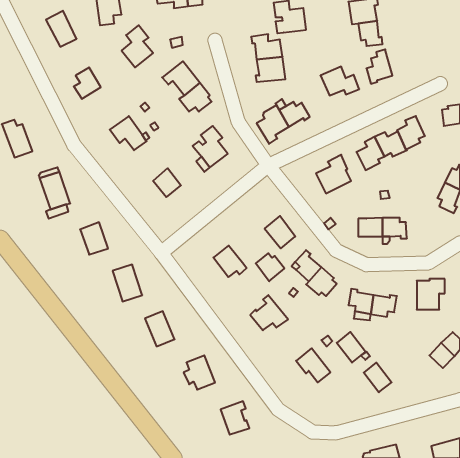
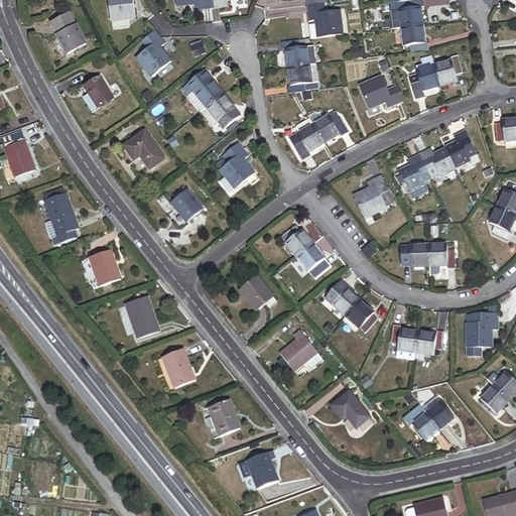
building: none -> [433,53,463,85]
building: [256,253,284,281] -> [281,225,313,256]
building: [337,332,366,363] -> [421,394,454,428]

